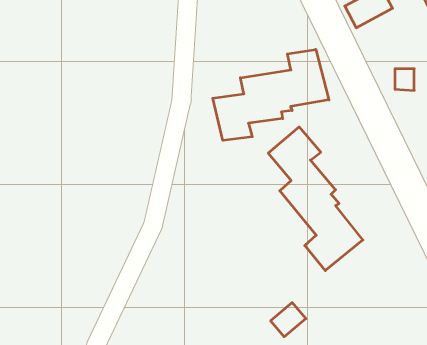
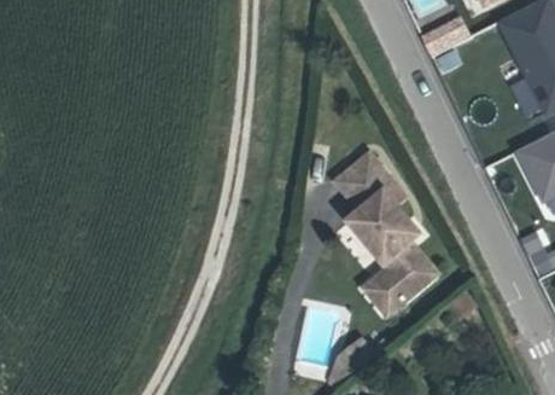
building: [213,49,329,140] -> none

